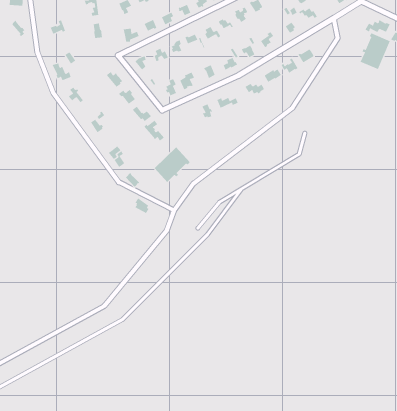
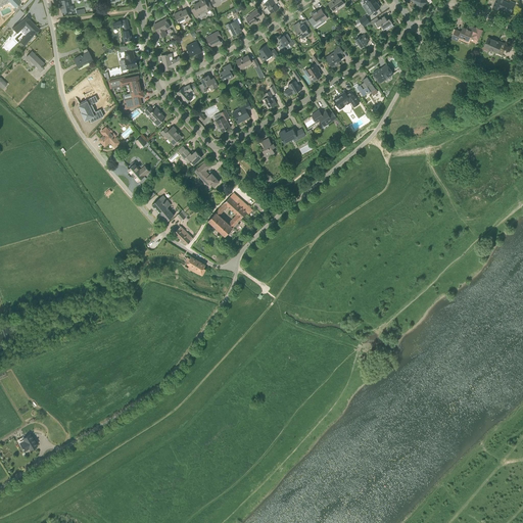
building: [360,33,391,70] -> none
building: none -> [108,77,142,108]

